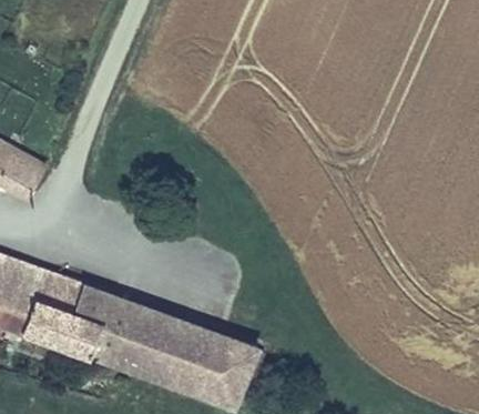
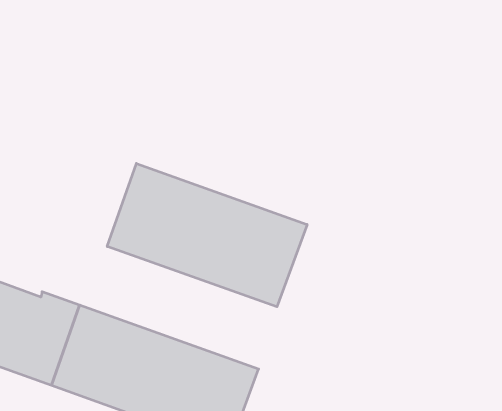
building: none -> [107,163,307,307]

